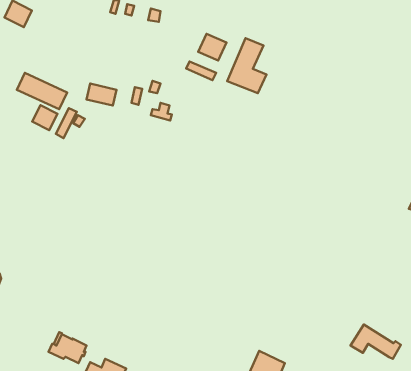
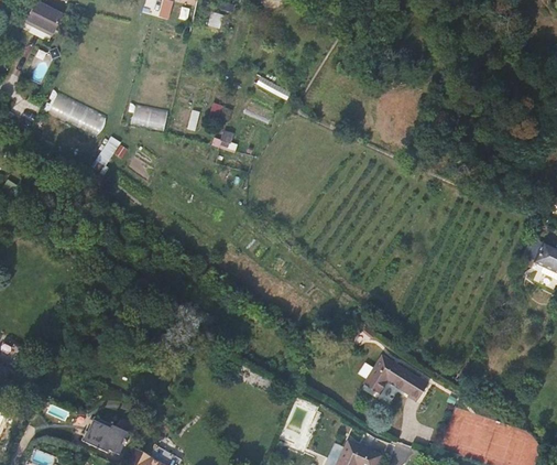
building: [198,34,226,61] -> none
building: [227,38,266,93] -> none
building: [32,105,58,130] -> none
building: [350,324,401,359] -> [364,356,427,399]

